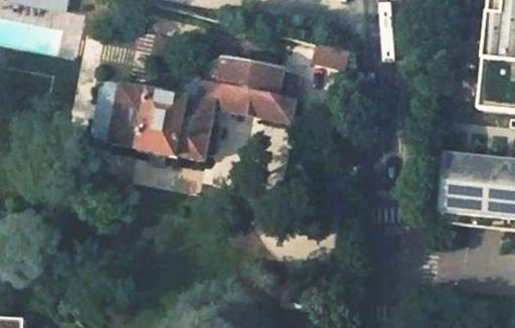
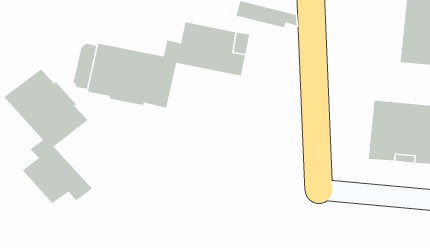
building: none -> [4,69,93,204]

